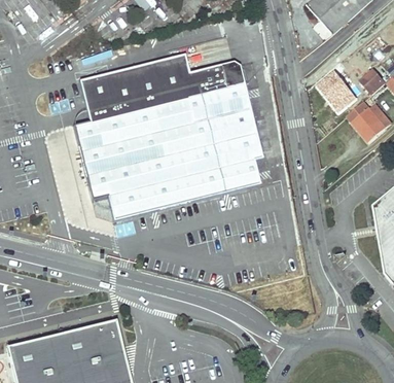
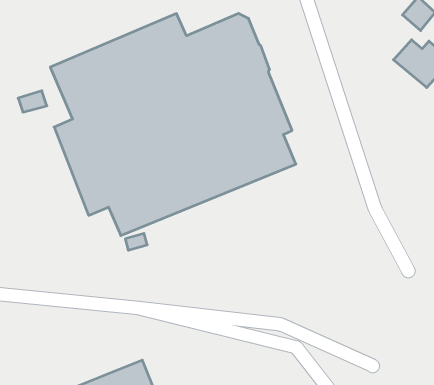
building: [320,71,356,110] -> none

